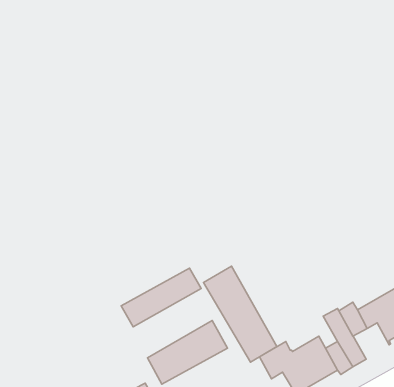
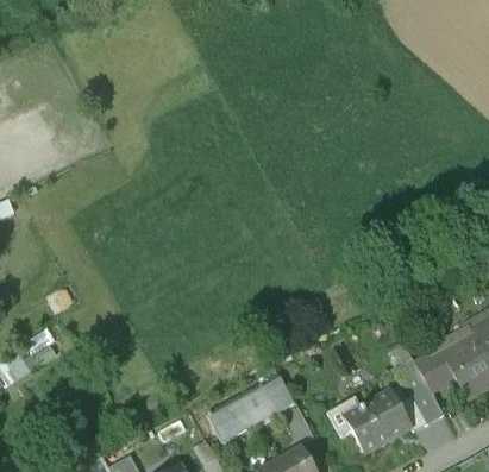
building: [204,266,277,362] -> none
building: [121,268,201,327] -> none

